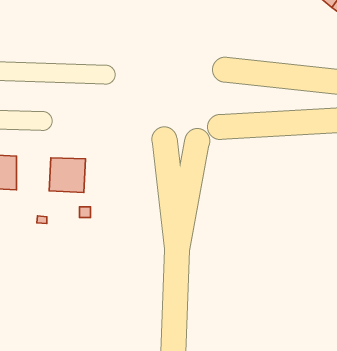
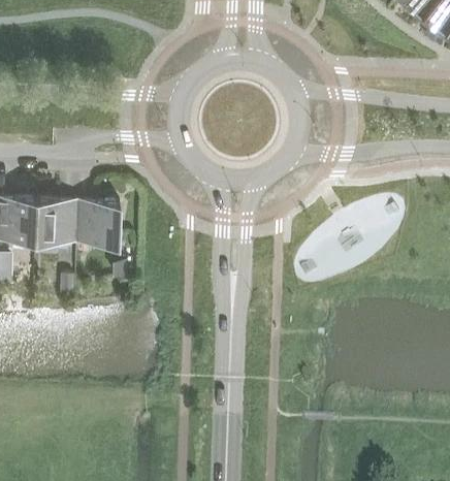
building: none -> [34,202,76,245]

